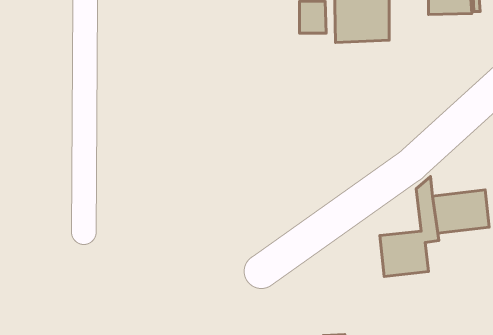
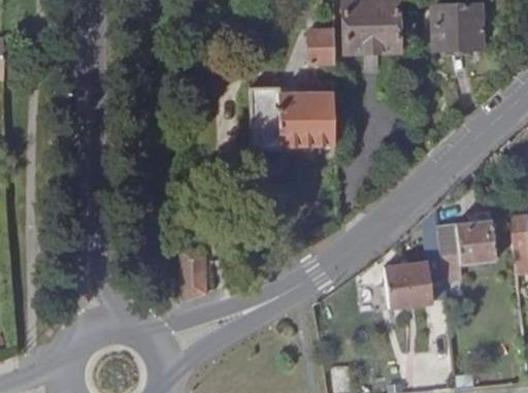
building: none -> [251,90,332,153]
building: none -> [183,248,207,300]

